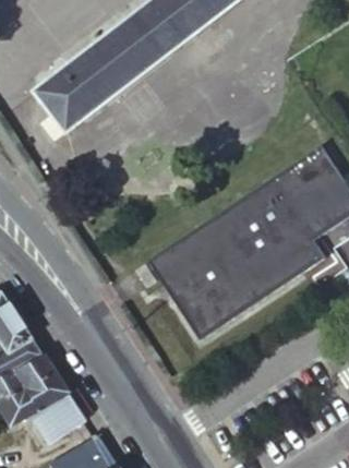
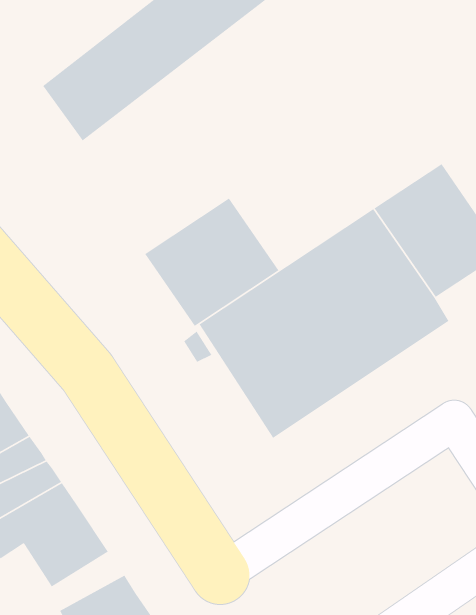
building: none -> [144,198,280,327]

